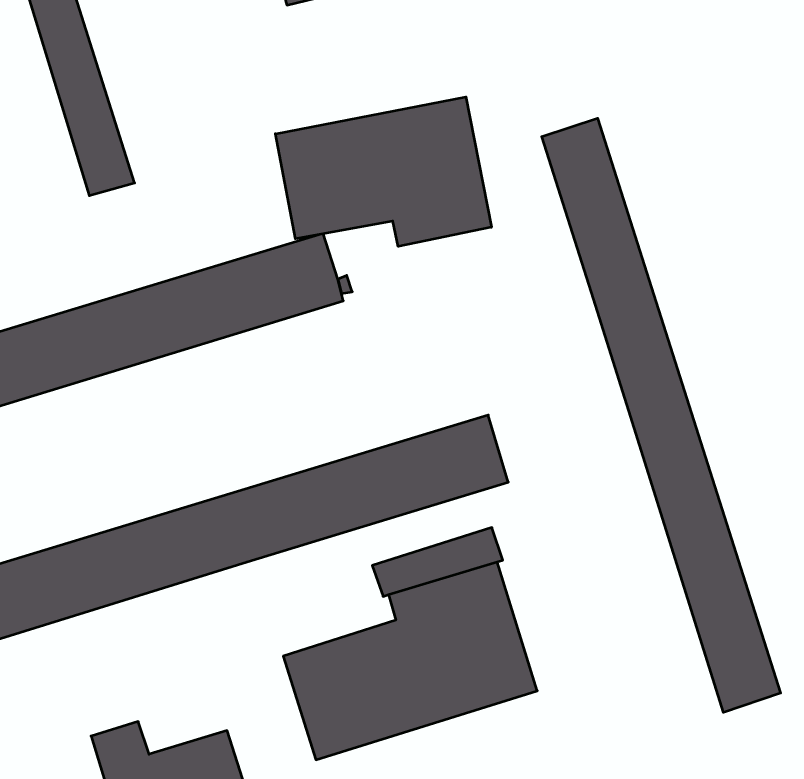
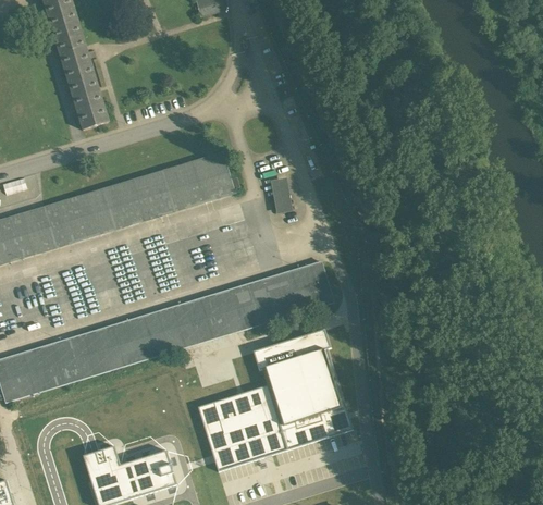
building: [275,97,491,246] -> none
building: [542,118,781,712] -> none
building: none -> [271,177,293,213]

